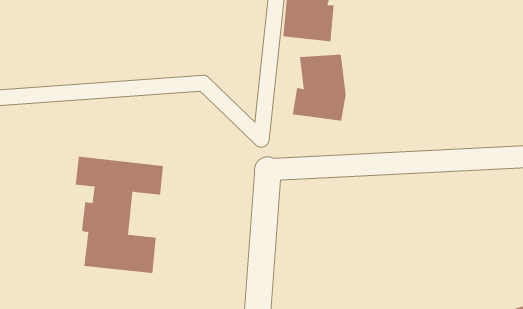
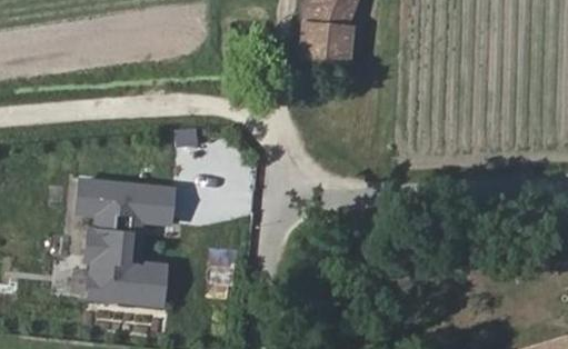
building: [292,54,346,121] -> none

